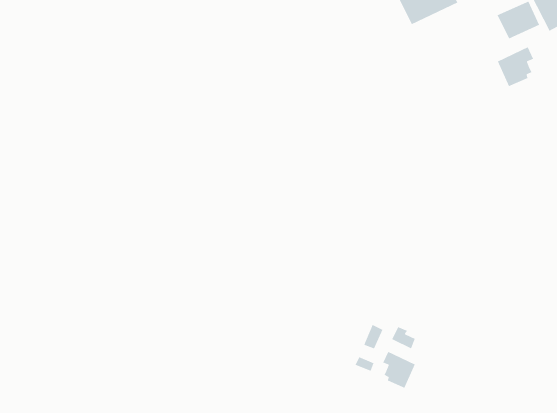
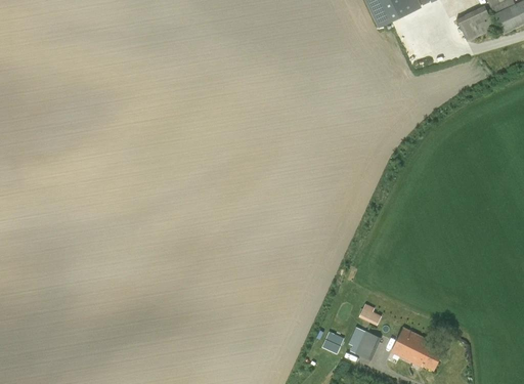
building: [497,46,534,87] -> none
building: none -> [389,327,442,370]

